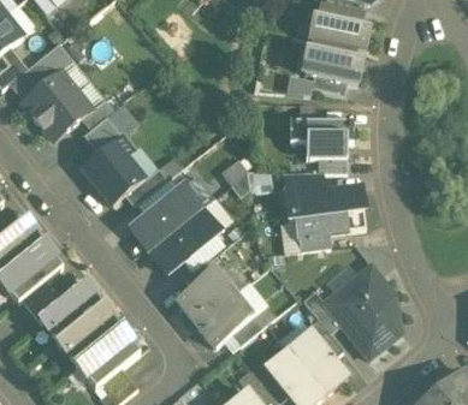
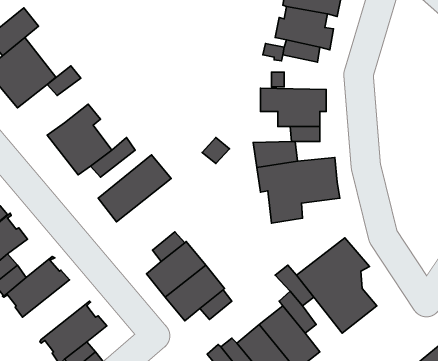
building: [83,115,122,153] -> none
building: [149,207,220,272] -> none
building: [57,304,120,363] -> none

